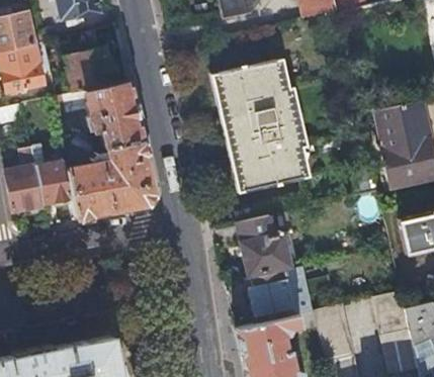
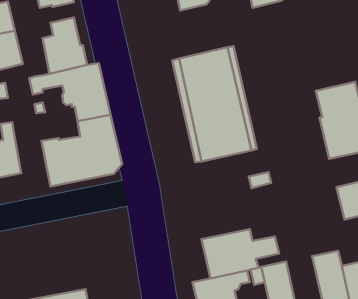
building: [35,160,72,205] -> none
building: [237,215,290,276] -> none

